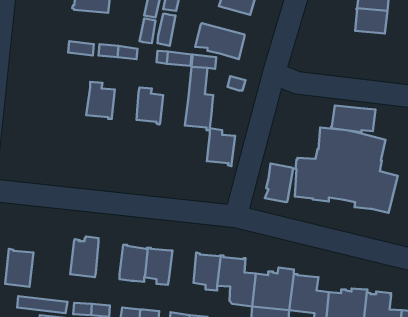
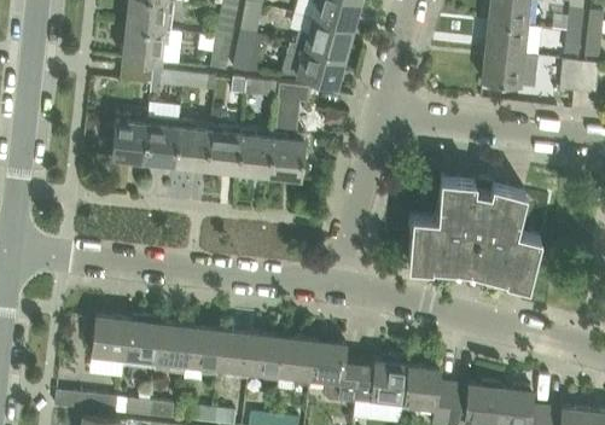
building: none -> [295,22,351,58]
building: none -> [122,27,182,64]
building: none -> [111,115,147,163]
building: none -> [175,122,209,169]
building: [331,106,376,132] -> [481,53,537,87]
building: [207,128,235,166] -> [237,128,273,176]
building: [265,163,293,202] -> none
building: none -> [155,322,190,369]
building: [5,249,33,287] -> [91,315,127,363]
building: none -> [248,333,283,380]

